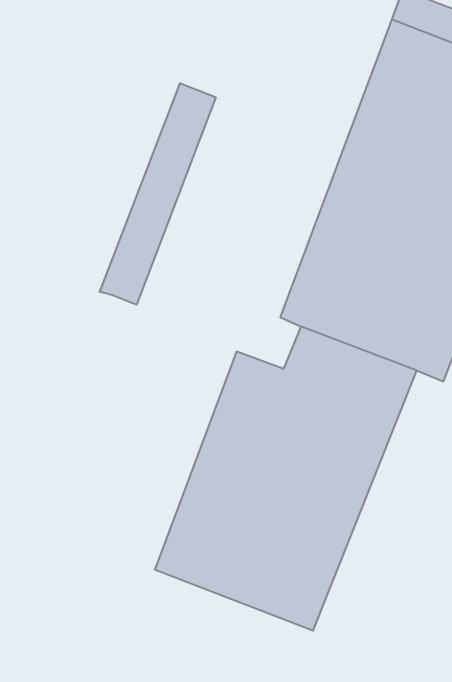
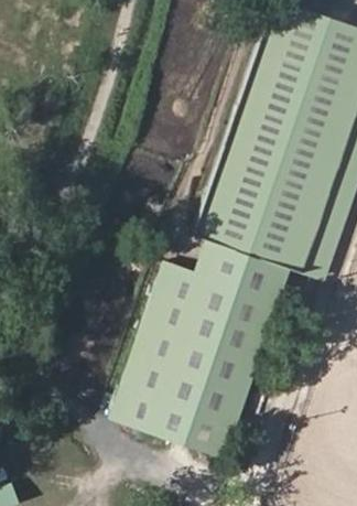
building: [100,83,216,305] -> none

